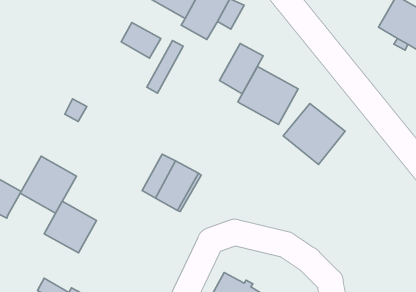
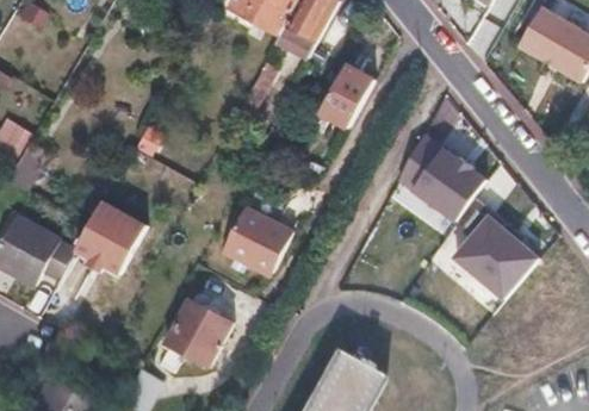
building: [121,22,161,58] -> none
building: [238,66,298,124] -> none
building: none -> [452,212,534,294]
building: [44,201,97,253] -> [168,301,234,366]

